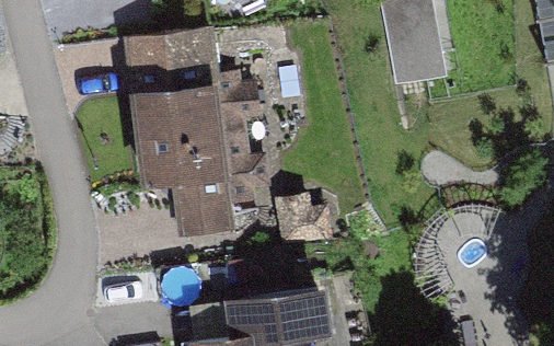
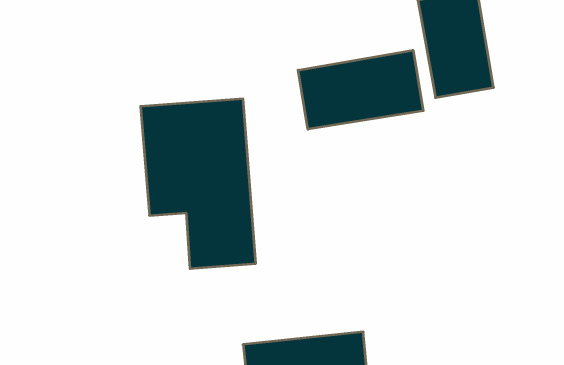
building: none -> [298,50,423,129]

